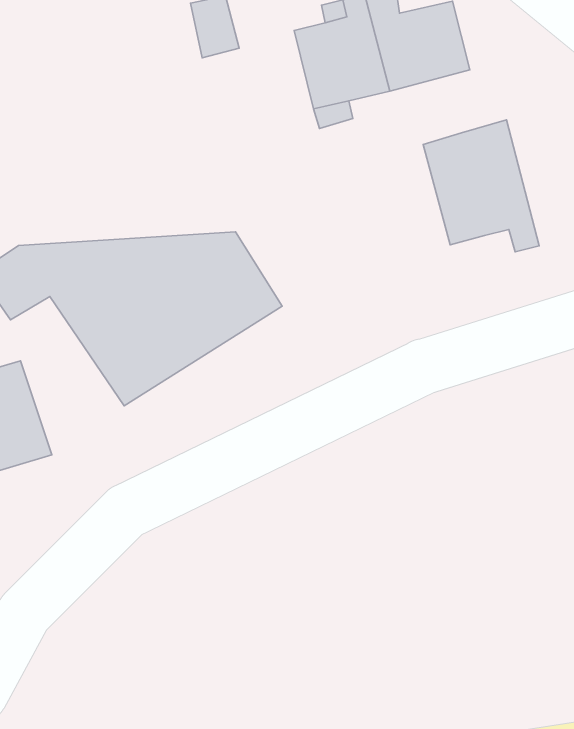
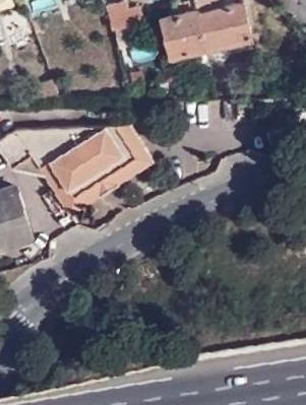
building: [423,120,539,252] -> none

